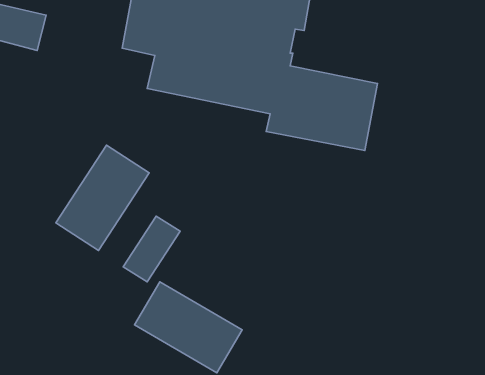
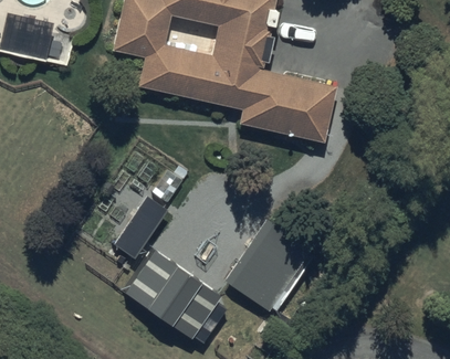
building: [56,145,149,251] -> none
building: none -> [221,217,321,313]

